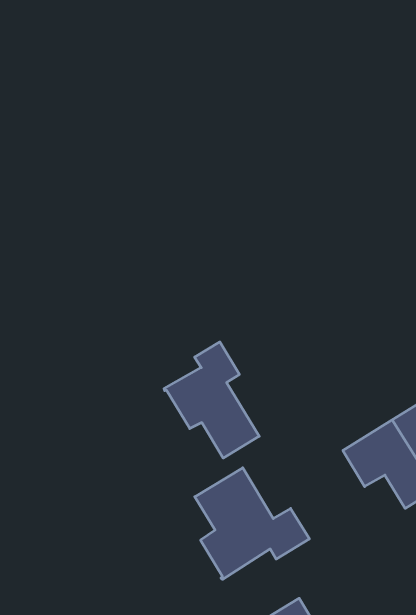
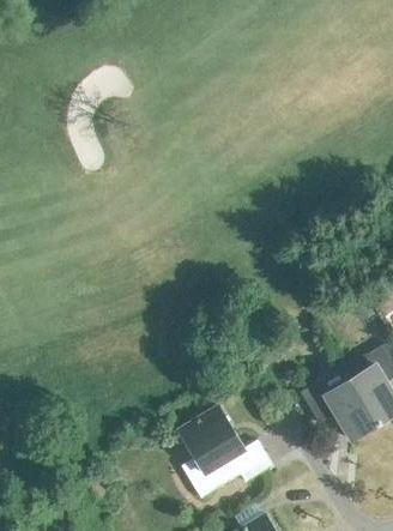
building: [164,342,259,458] -> none

